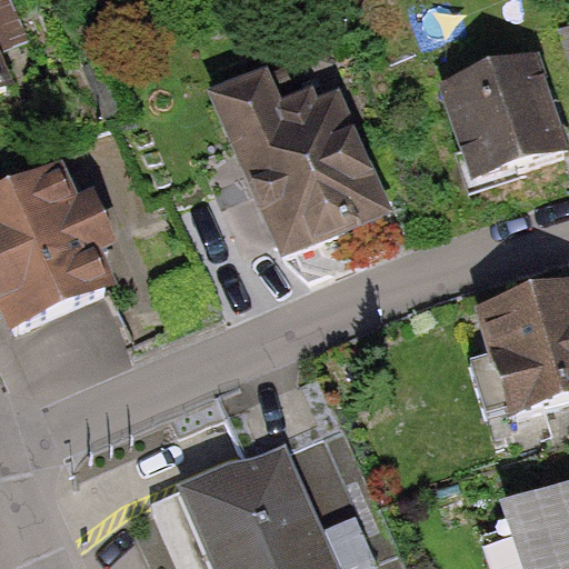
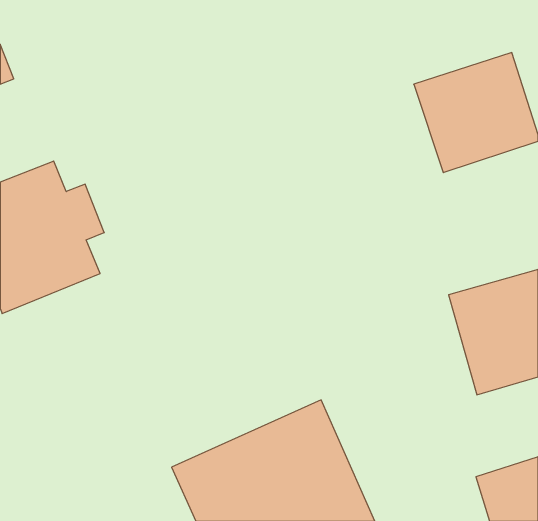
building: [209,70,387,262] -> none

